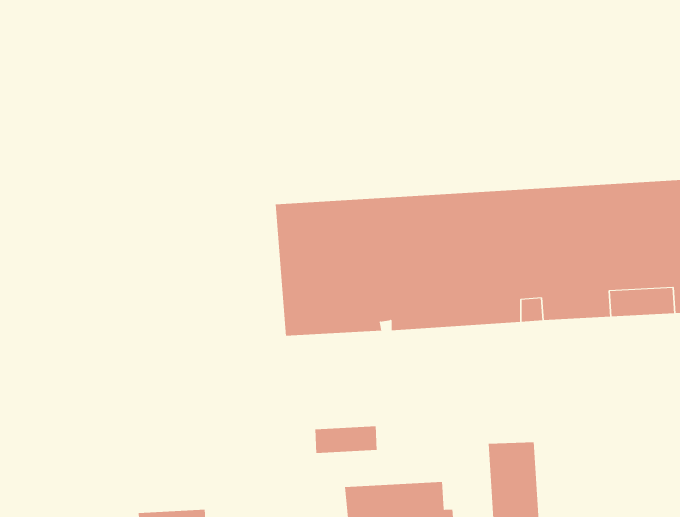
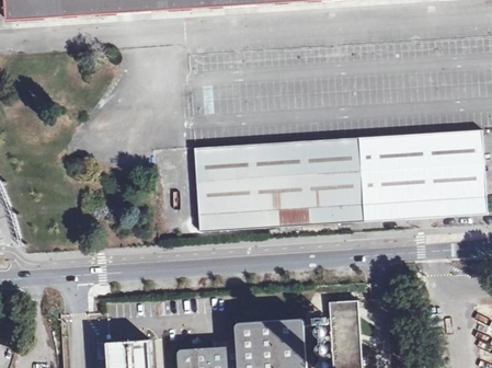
building: [315,425,377,454] -> none

